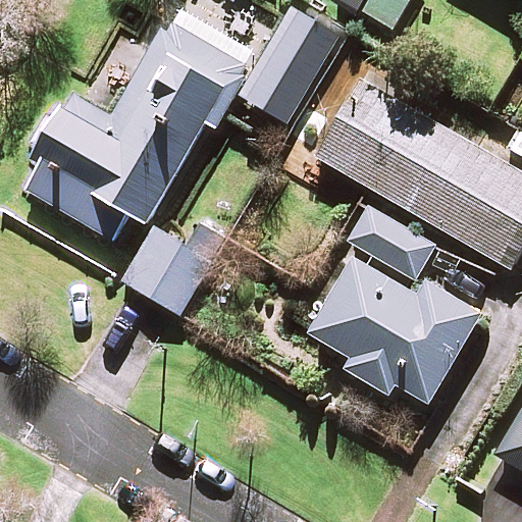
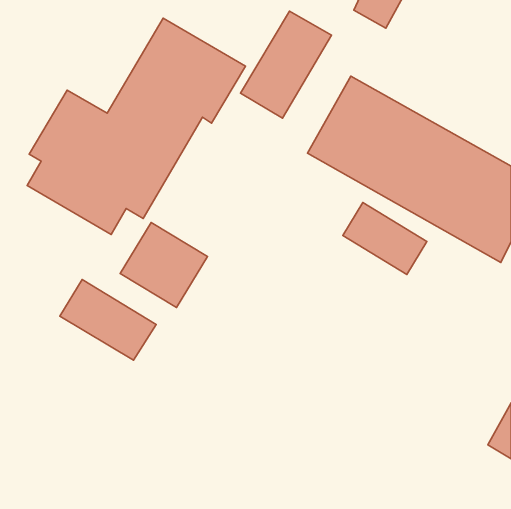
building: [308,257,479,412] -> none
building: none -> [60,279,156,360]

